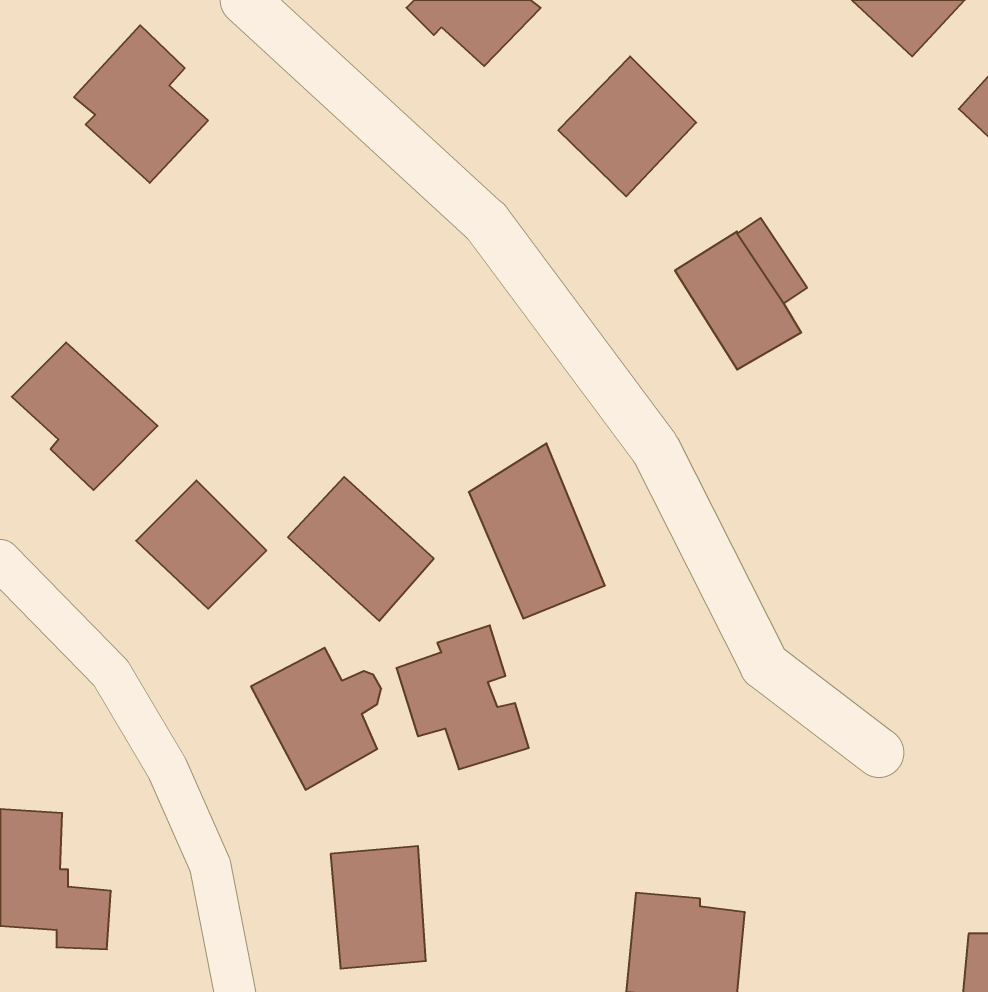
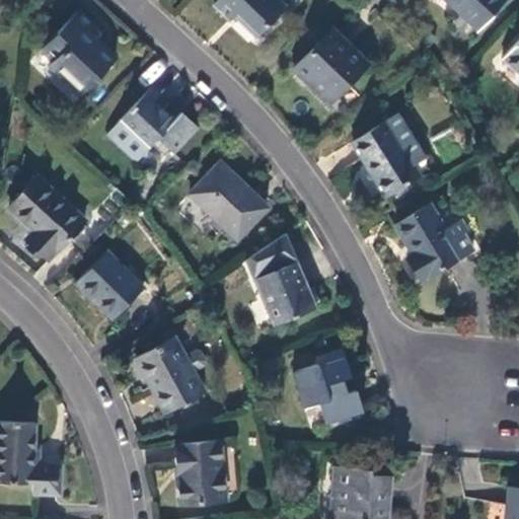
building: none -> [119,88,198,154]
building: none -> [396,206,475,282]
building: [288,477,434,621] -> [191,164,267,239]
building: [396,625,529,769] -> [295,349,364,424]

